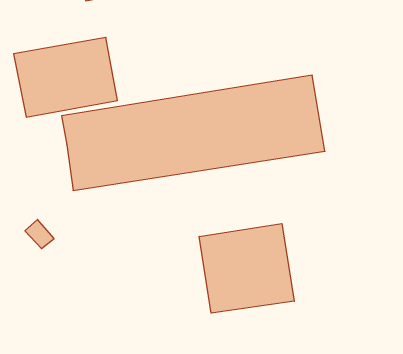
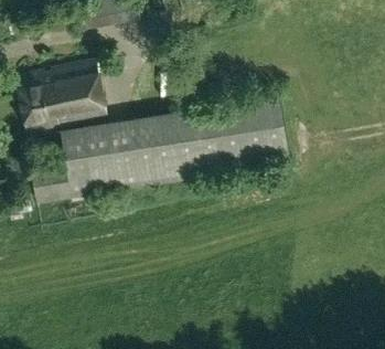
building: [199,224,294,313] -> none

